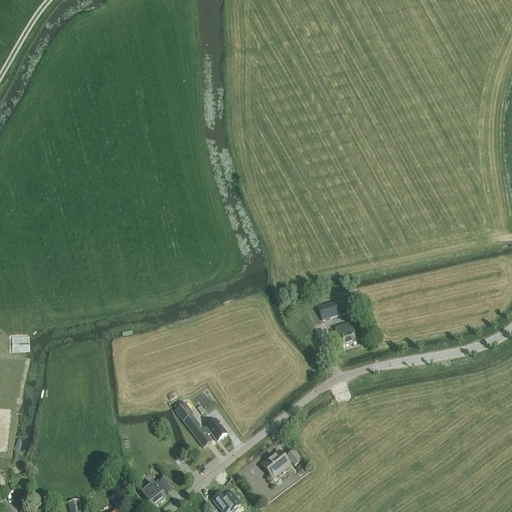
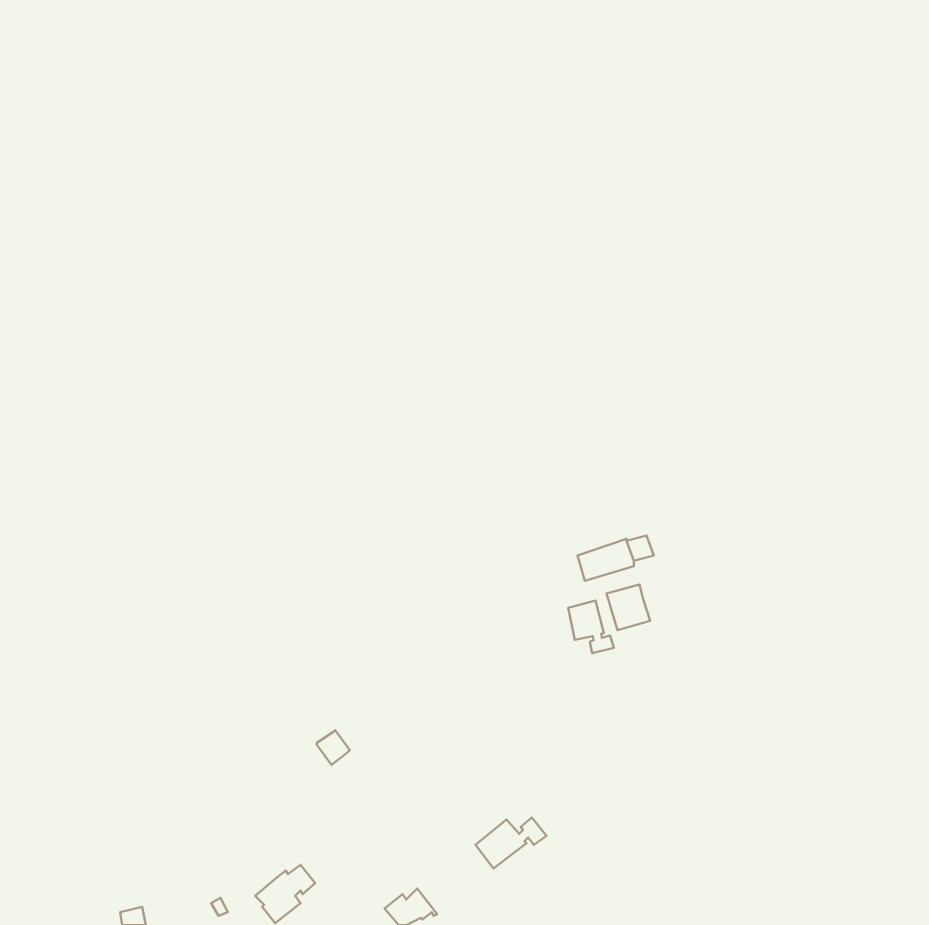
building: none -> [568,601,614,653]
building: [188,417,226,446] -> none

